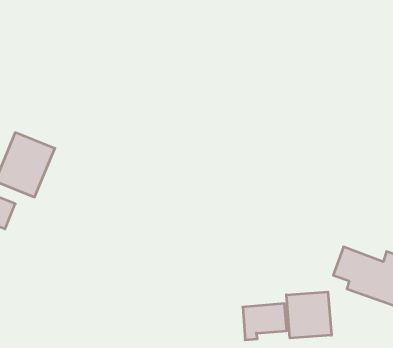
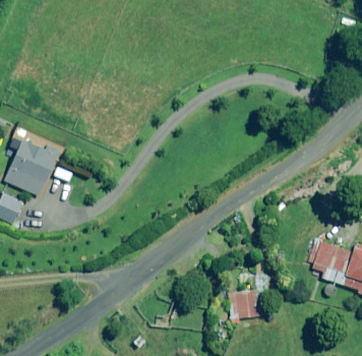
building: [286,292,331,338] -> none

